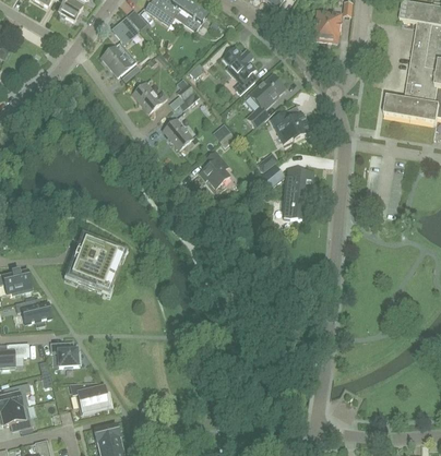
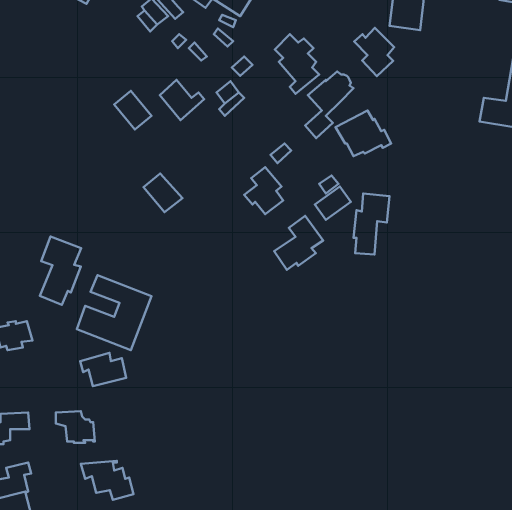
building: none -> [354,28,394,76]
building: [102,45,131,75] -> [114,91,152,130]
building: [163,118,193,148] -> [144,173,182,212]
building: none -> [274,216,323,270]
building: none -> [40,237,81,305]
building: [15,297,51,323] -> [80,353,126,386]

